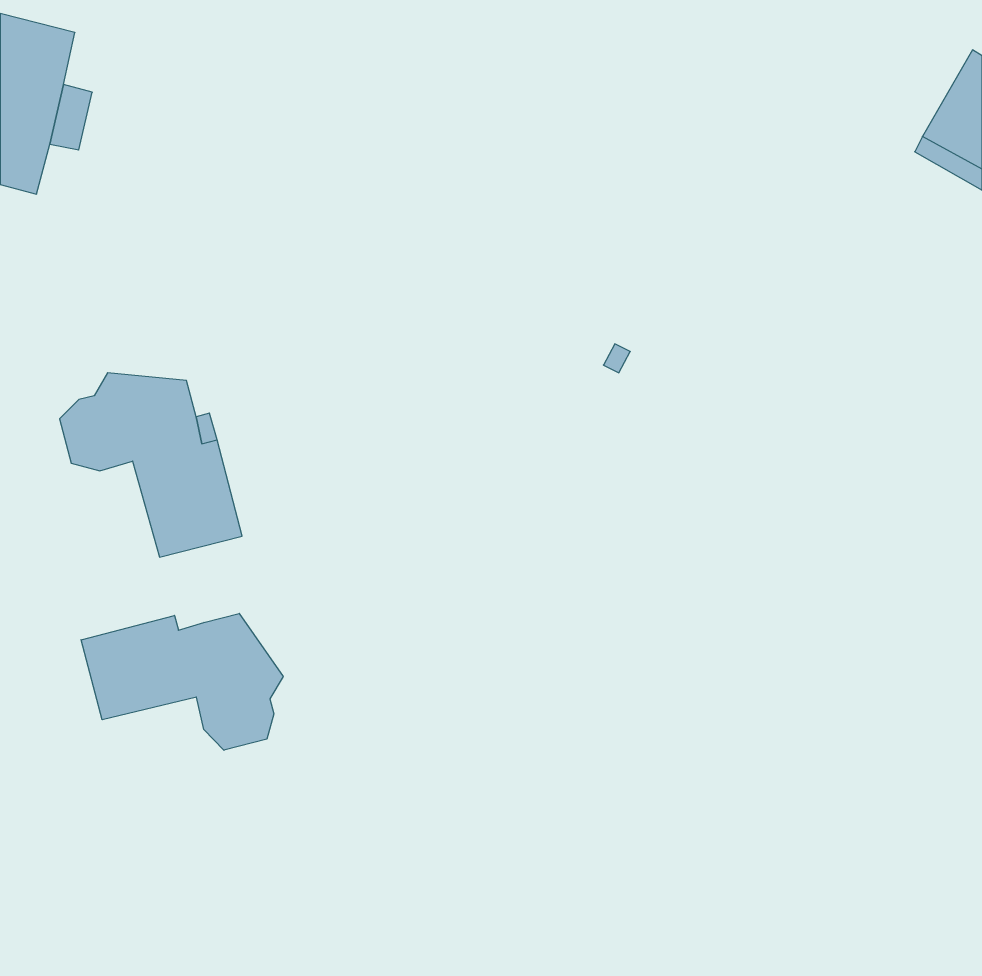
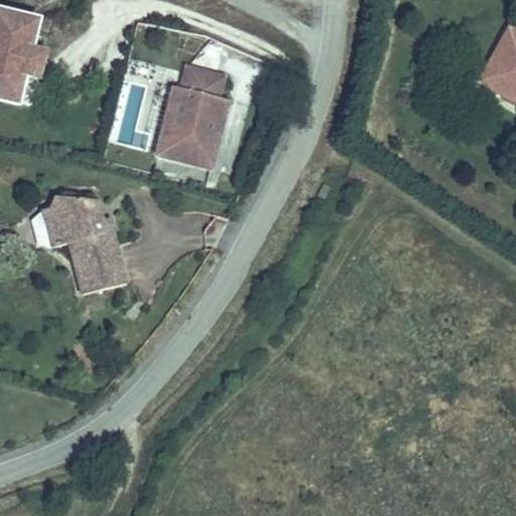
building: none -> [156,66,228,168]
building: [81,613,283,750] -> none

